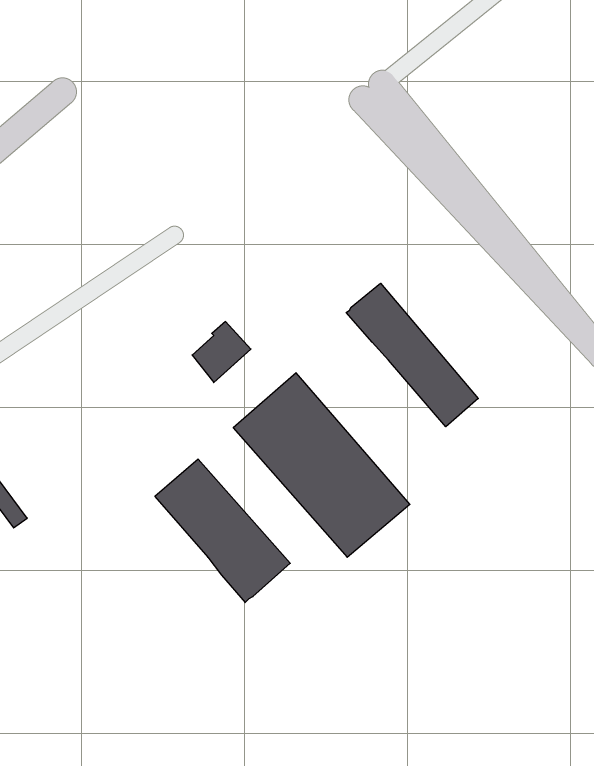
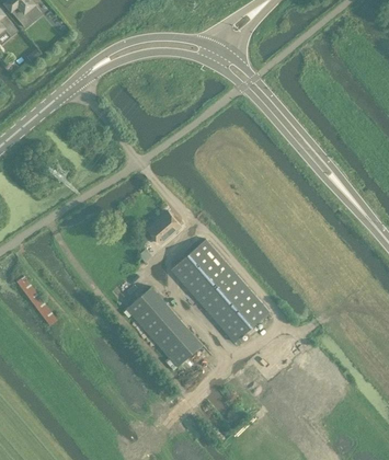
building: [346,283,478,427] -> none

